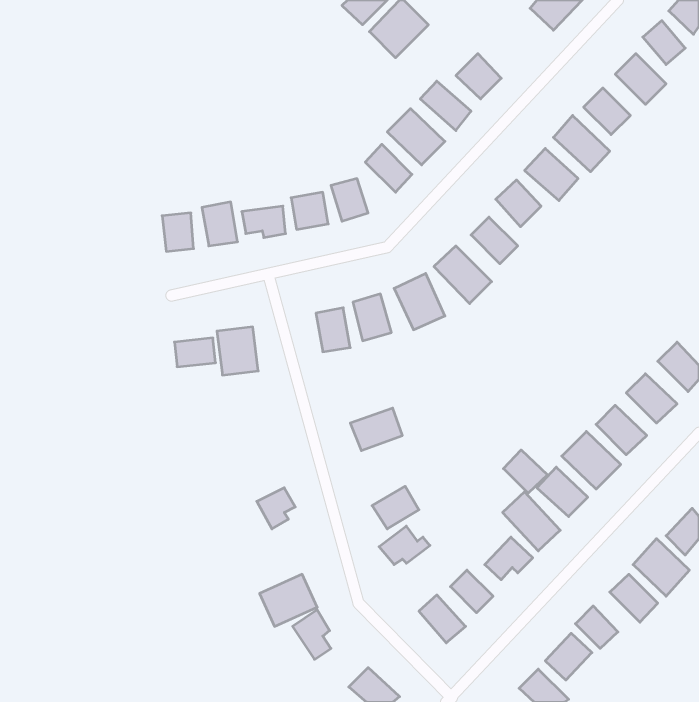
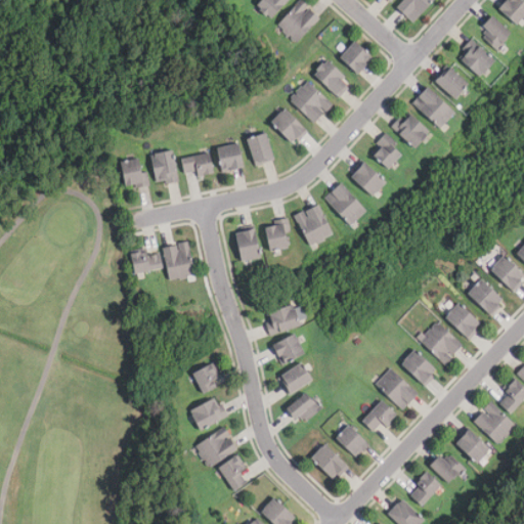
building: none -> [271,333,303,365]
building: [503,450,547,493] -> none
building: none -> [188,398,224,431]

